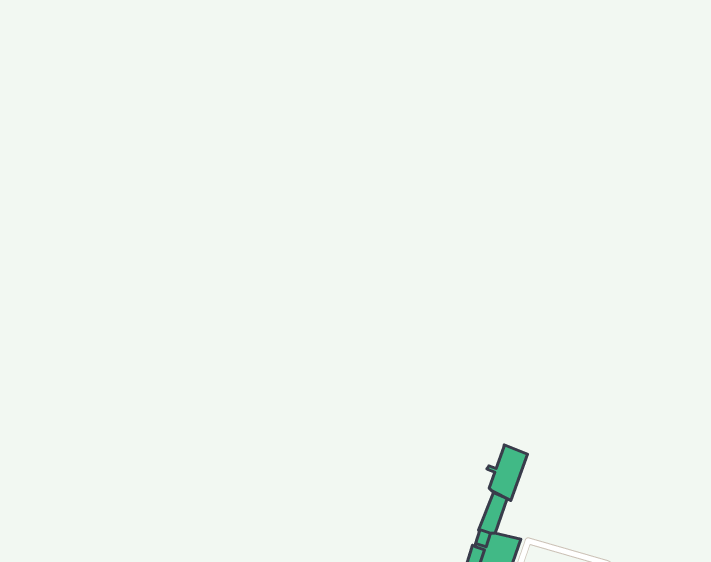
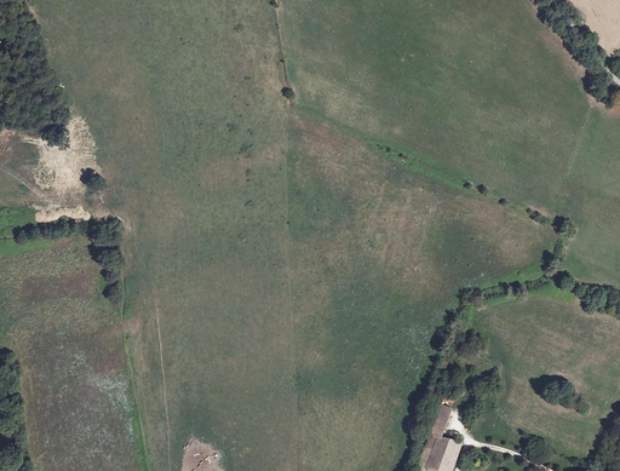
building: [487,445,528,500] -> none

